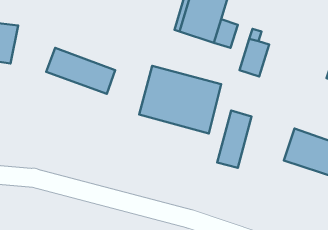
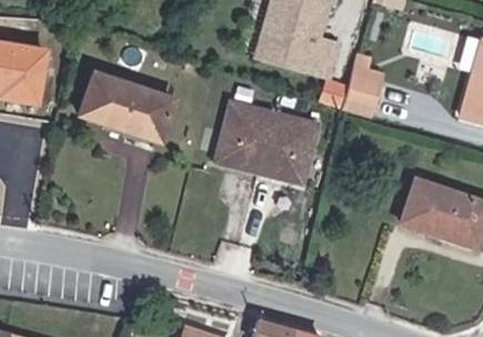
building: [217,111,252,168] -> none

